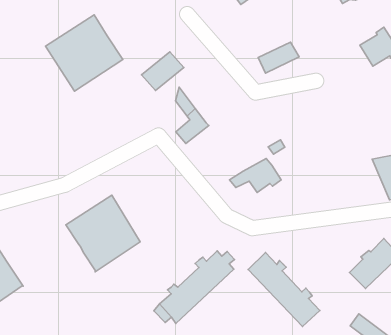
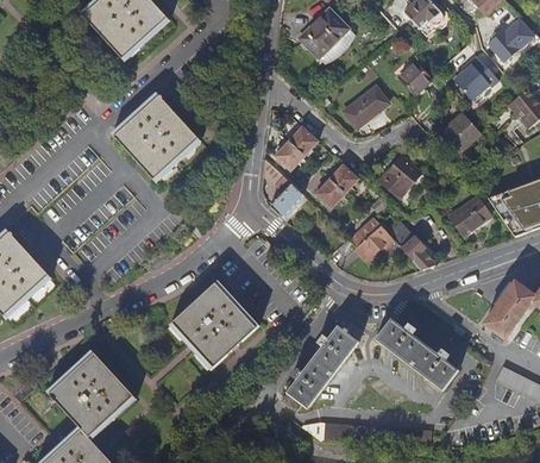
building: none -> [400,58,432,90]
building: [142,52,184,90] -> [276,126,320,170]
building: none -> [440,107,481,150]
building: none -> [319,161,362,205]
building: none -> [382,155,423,198]
building: none -> [445,194,486,232]
building: none -> [379,209,435,267]

